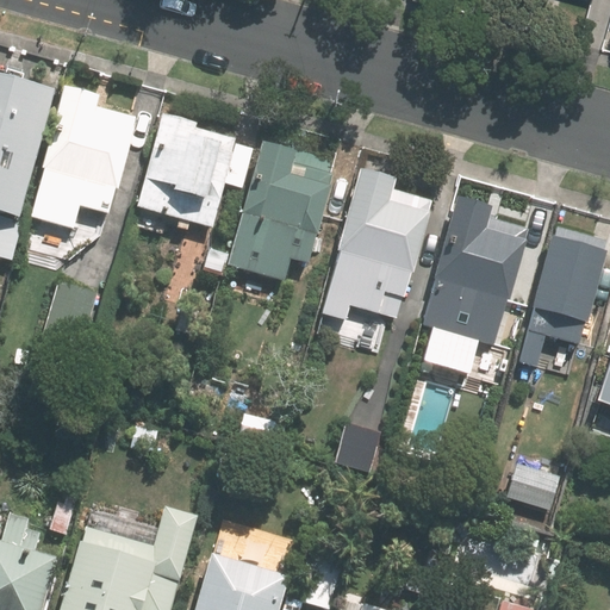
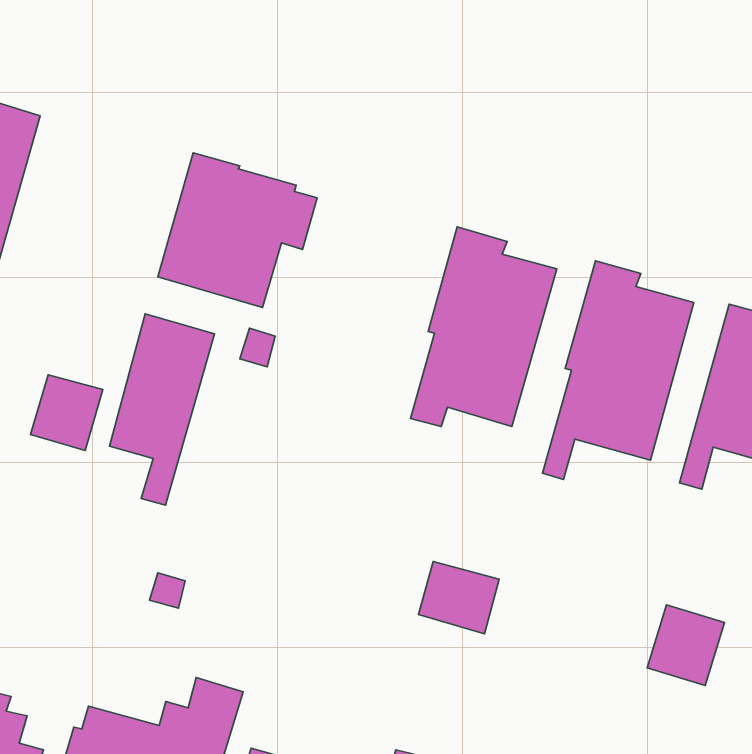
building: [35,88,136,228] -> none
building: [230,144,335,281] -> none
building: none -> [110,314,215,505]

